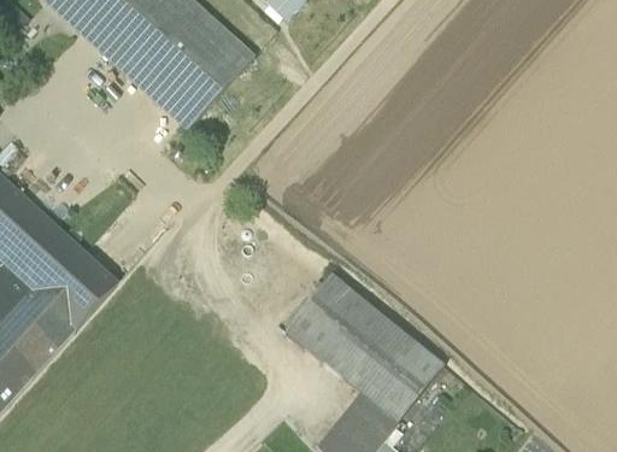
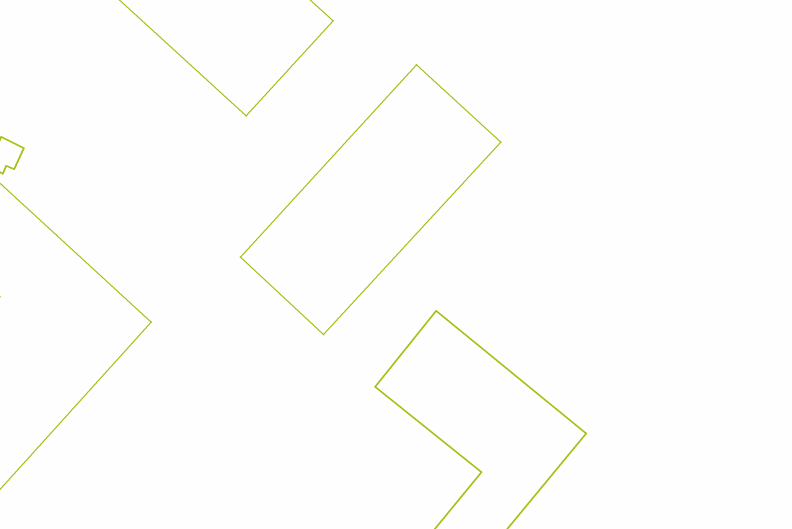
building: none -> [241,65,501,335]

